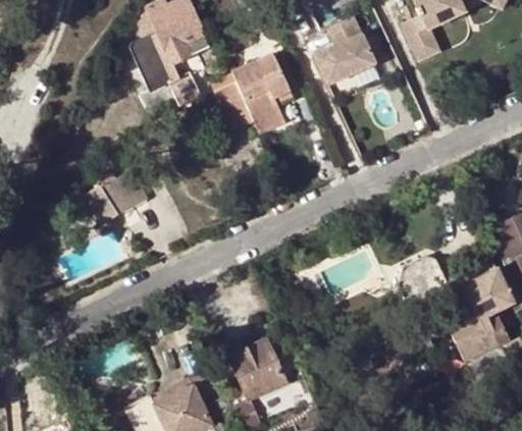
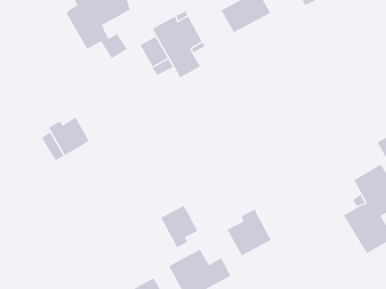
building: [404,256,451,303] -> none
building: none -> [160,205,199,249]
building: none -> [227,208,272,256]

